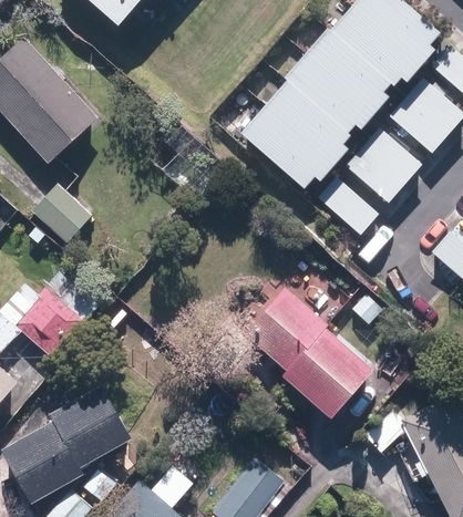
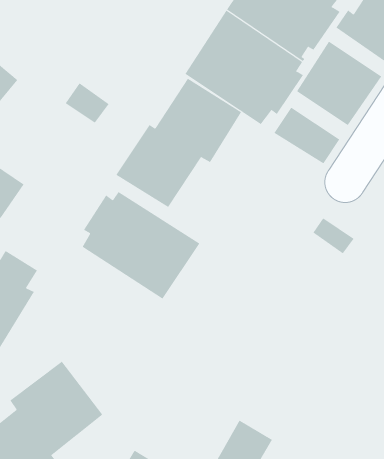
building: none -> [115,78,242,208]
building: none -> [82,191,200,300]
building: [233,289,363,417] -> none

